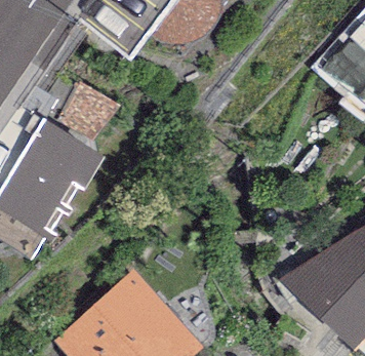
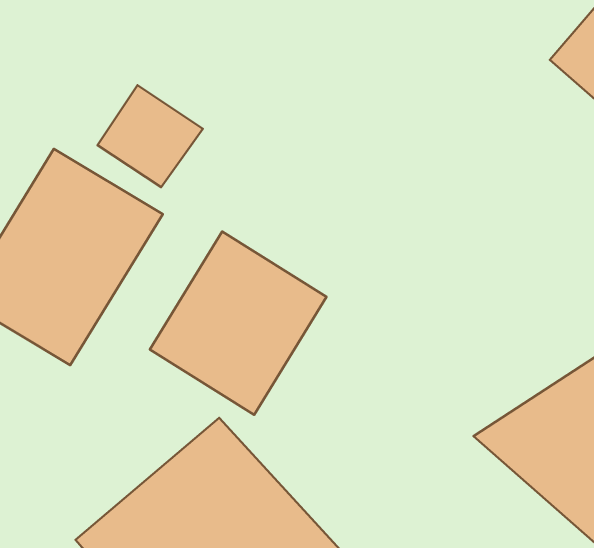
building: none -> [150,232,327,415]

